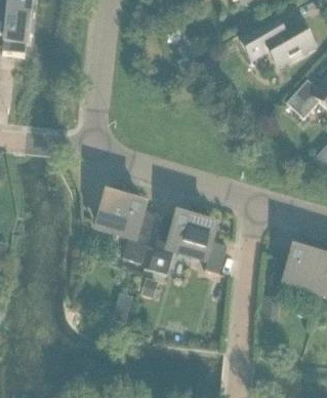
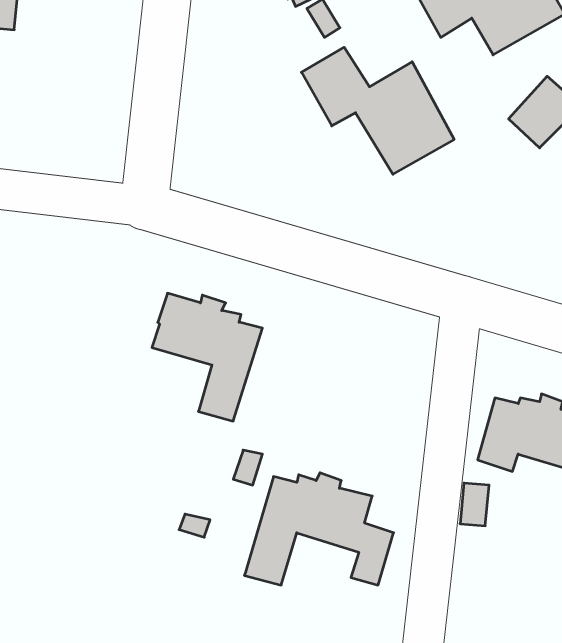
building: none -> [301,47,454,174]
building: [149,213,228,273] -> [244,473,394,585]

